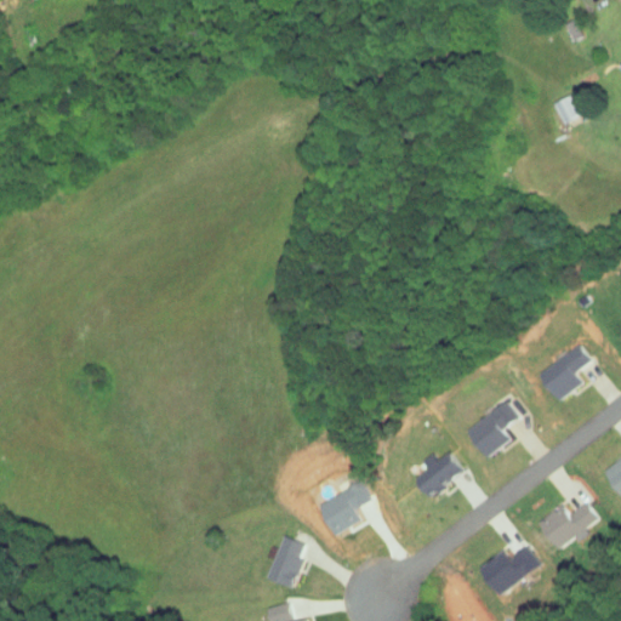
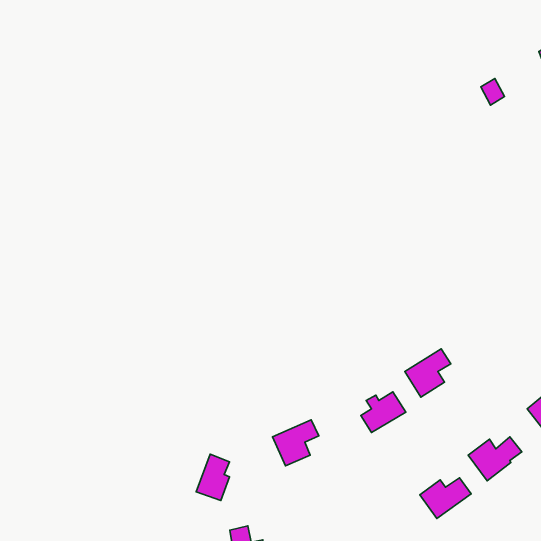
building: [537,344,589,400] -> none
building: [266,535,303,587] -> [196,454,229,500]

